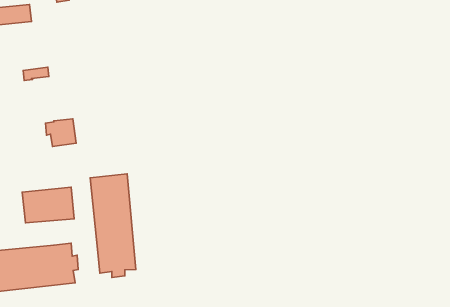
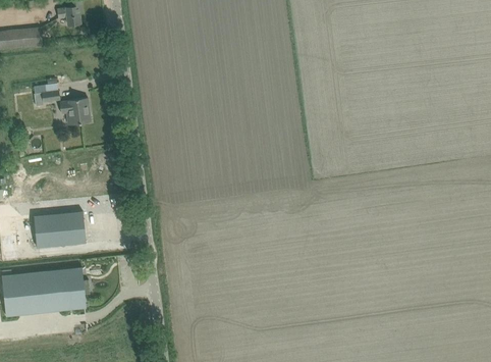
building: [46,119,76,146] -> [59,98,90,125]
building: [90,174,136,278] -> none

